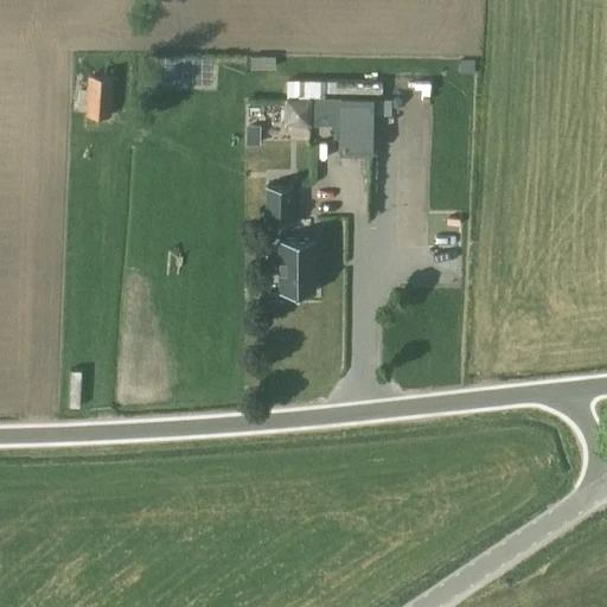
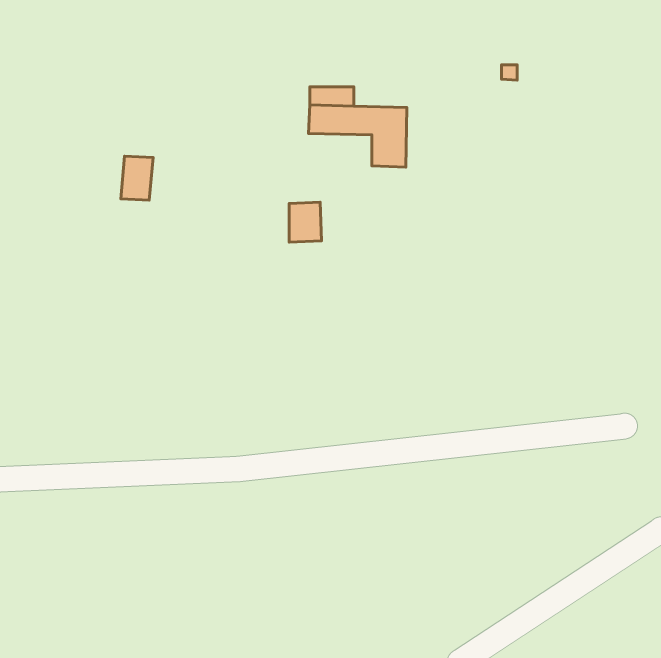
building: [83,78,113,119] -> [121,156,153,200]
building: [279,238,315,298] -> none

